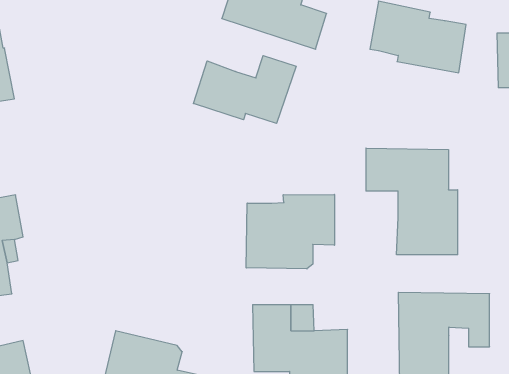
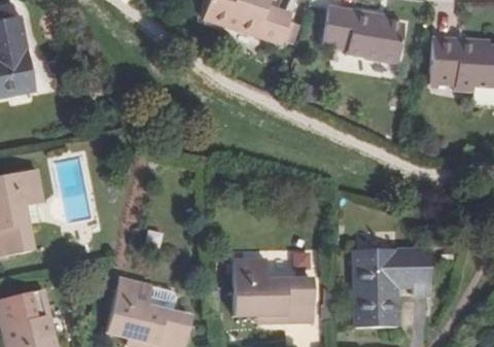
building: [193,56,296,123] -> none
building: [366,148,458,255] -> none
building: [246,194,334,269] -> none

